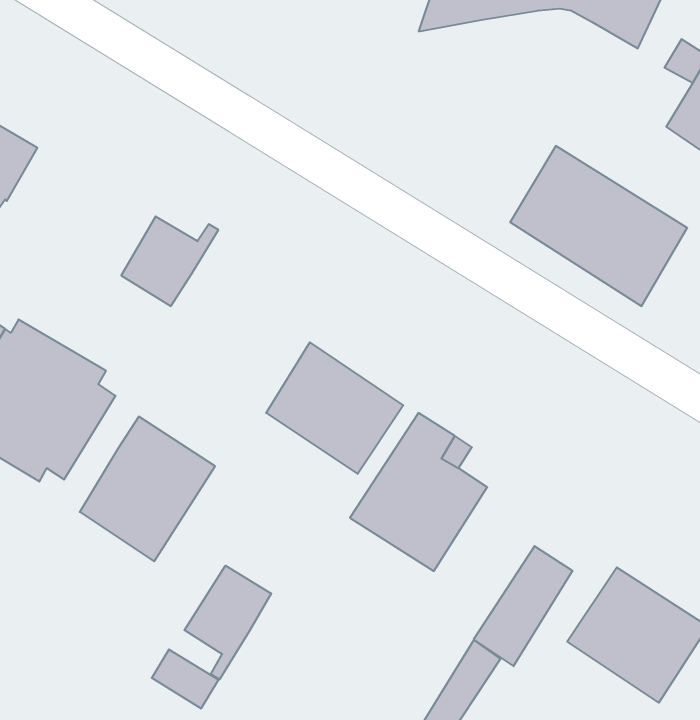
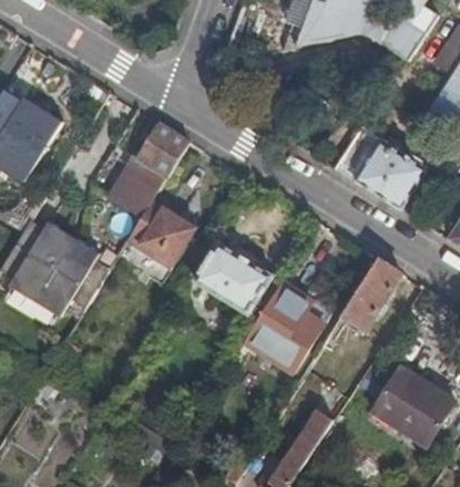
building: none -> [137,120,187,172]
building: [80,417,215,561] -> [117,197,196,281]
building: [474,546,573,666] -> [343,258,400,328]
building: [184,566,271,680] -> none

